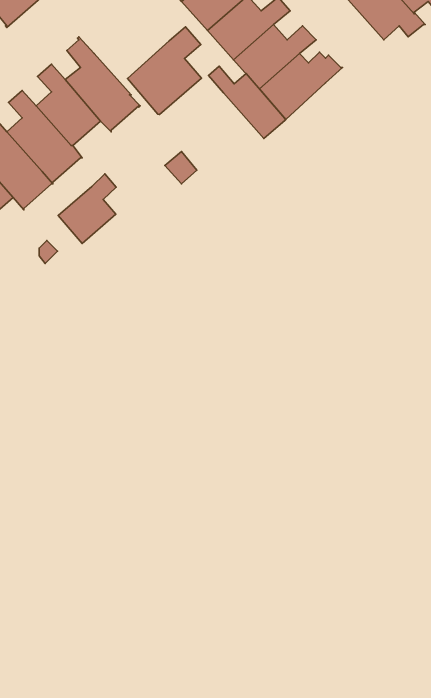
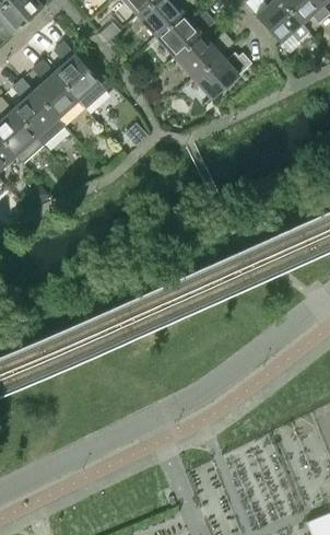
building: [127,27,201,114] -> none
building: [208,66,285,138] -> none
building: [58,174,116,243] -> none

